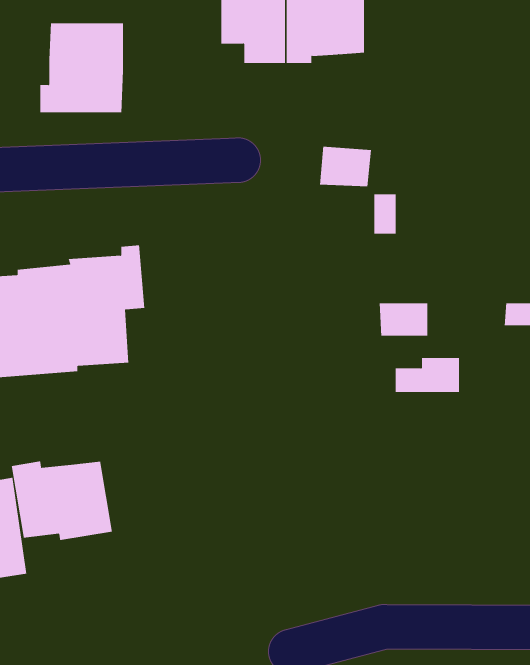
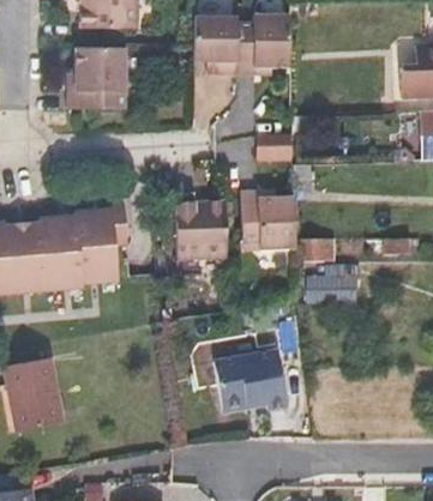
building: none -> [241,193,296,252]
building: none -> [178,194,229,258]
building: [11,461,112,541] -> none
building: none -> [212,352,287,412]

